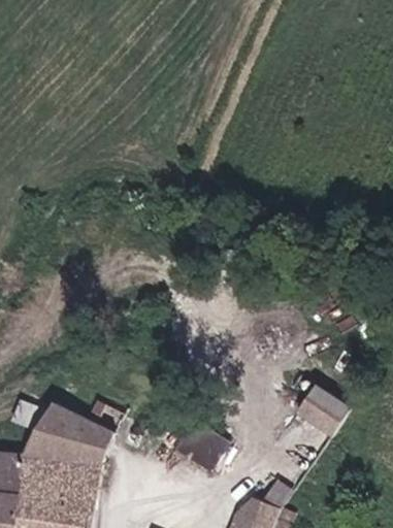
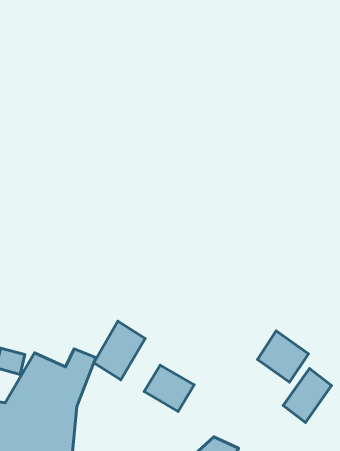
building: none -> [94,321,145,380]
building: none -> [283,369,332,422]

